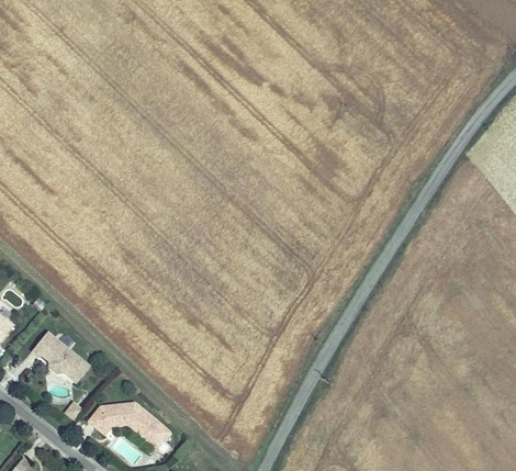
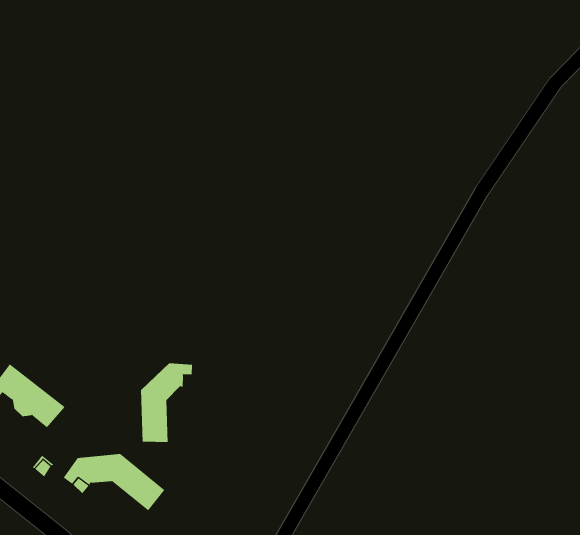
building: none -> [140,362,192,443]

